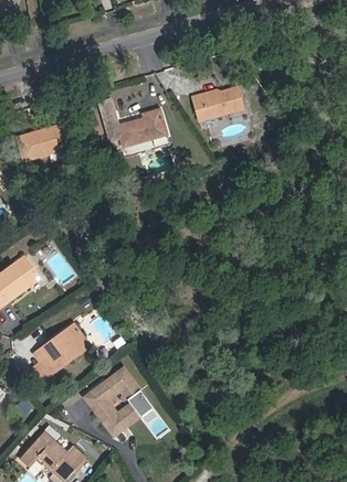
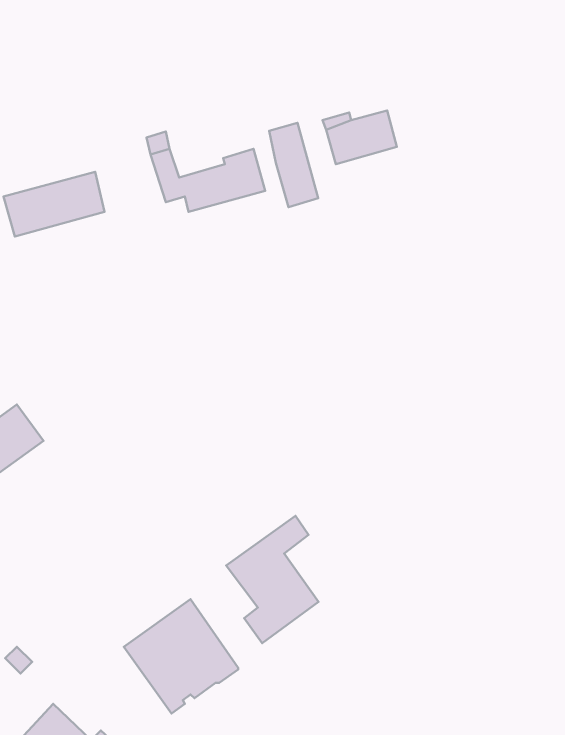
building: none -> [269,123,318,207]
building: none -> [226,516,319,643]
building: [32,323,87,374] -> none

